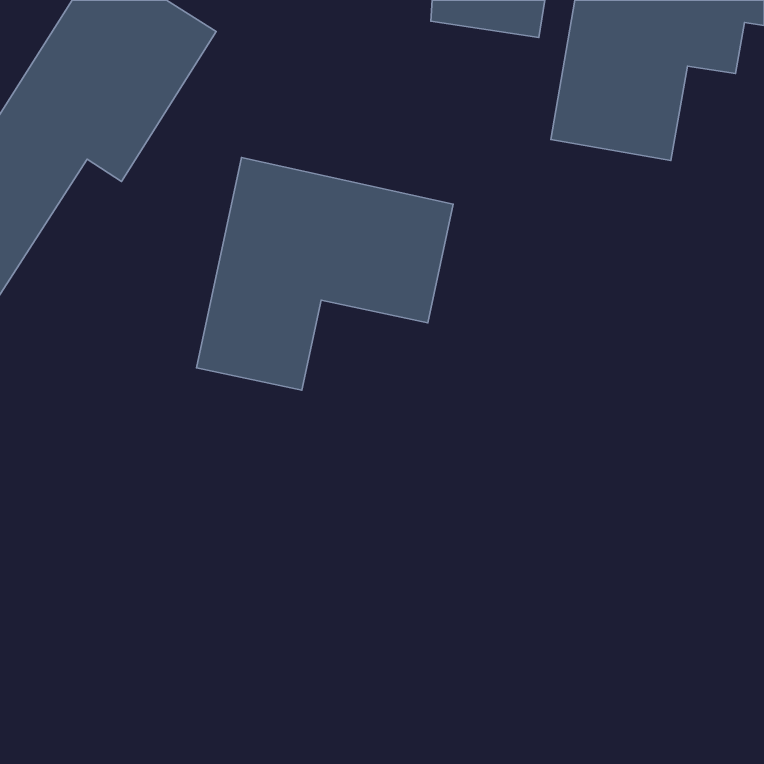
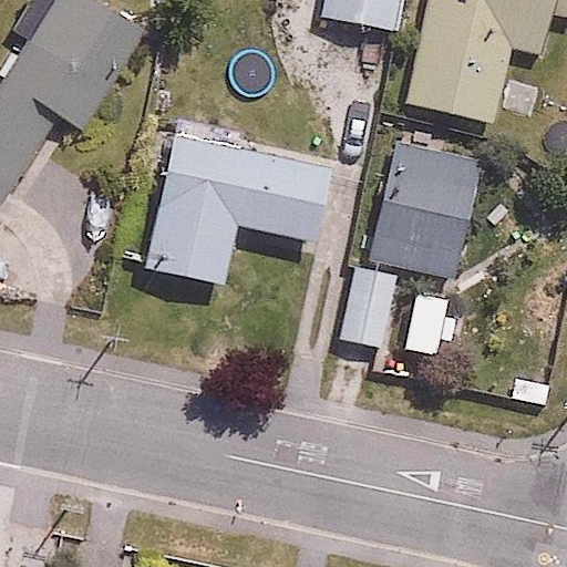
building: none -> [333,135,481,347]

